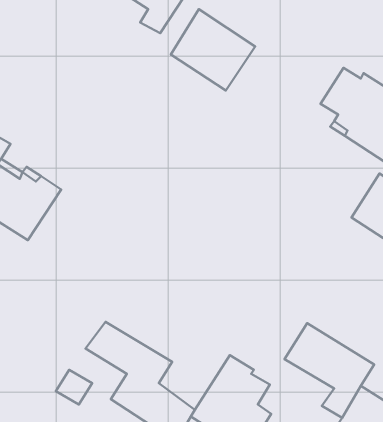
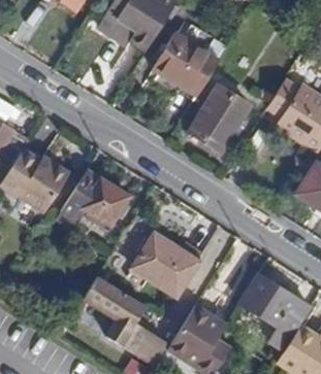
building: none -> [188,86,251,152]
building: none -> [55,171,128,230]
building: none -> [132,234,198,297]

